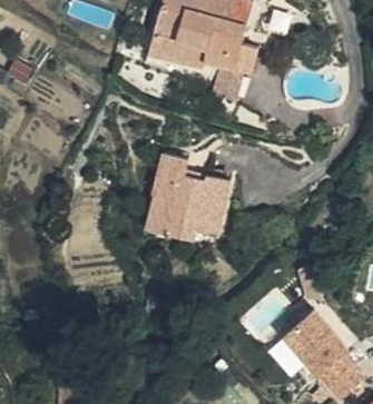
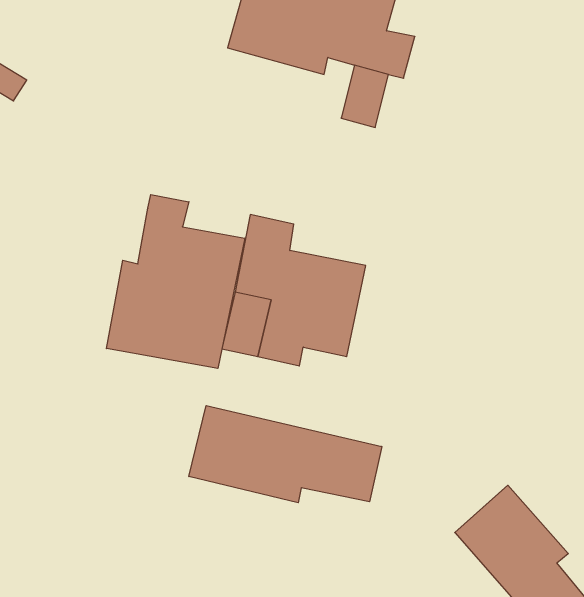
building: none -> [106,195,245,368]
building: none -> [189,406,382,503]

